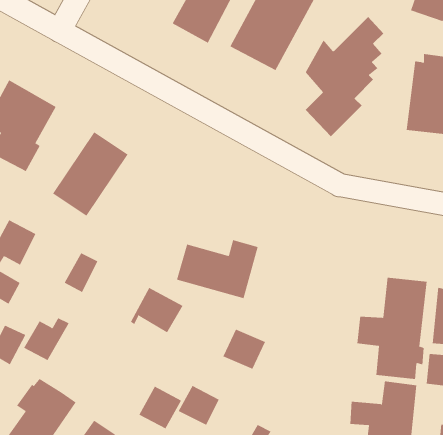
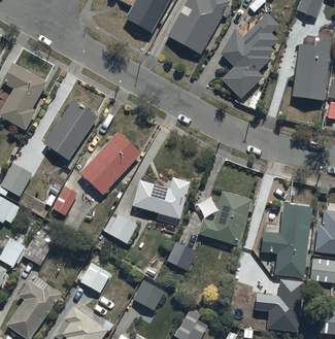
building: none -> [77,130,140,194]
building: none -> [197,190,250,244]
building: [138,386,182,429] -> [78,261,109,292]

